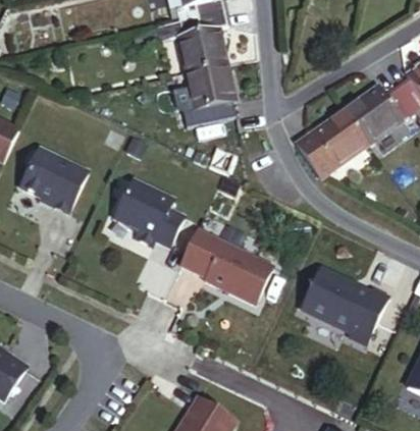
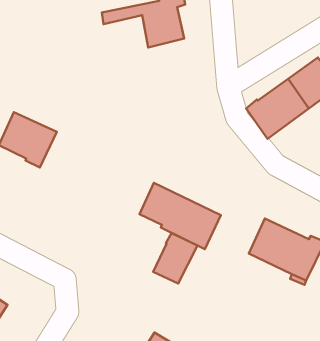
building: [188,64,237,122] -> none
building: [110,179,179,246] -> none
building: none -> [153,233,198,284]

